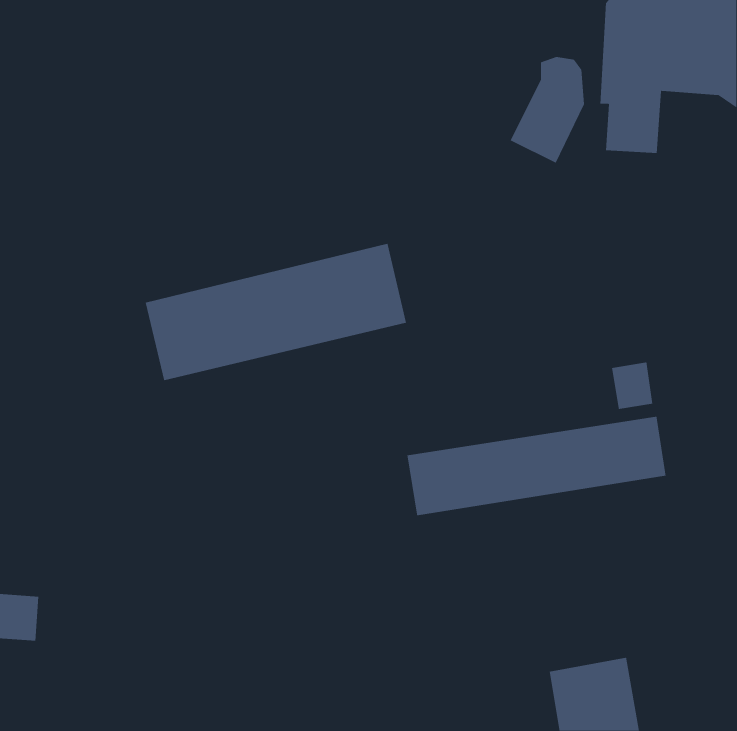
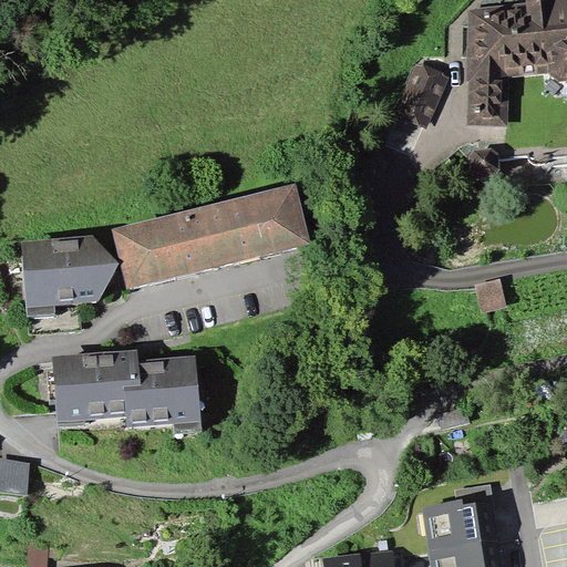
building: none -> [24,233,118,307]
building: [407,416,666,516] -> none
building: none -> [52,346,204,431]

